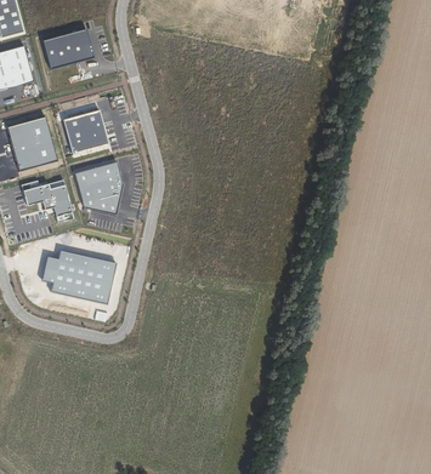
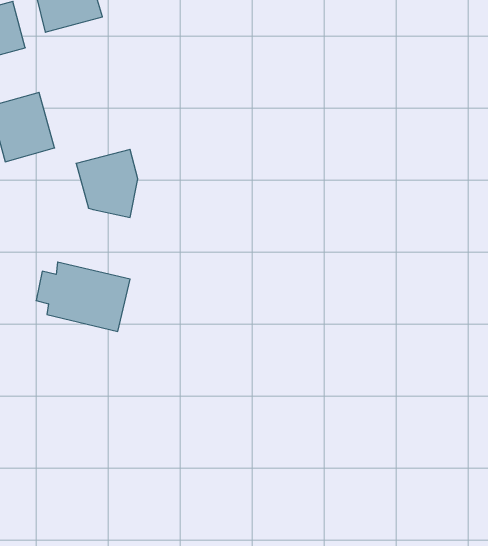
building: [62,109,108,154] -> none
building: [21,179,74,222] -> none

